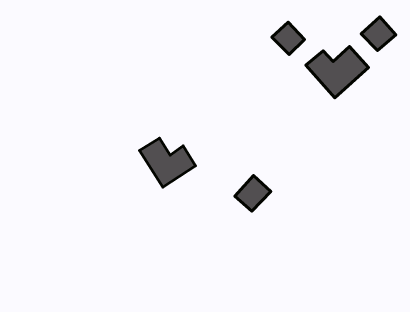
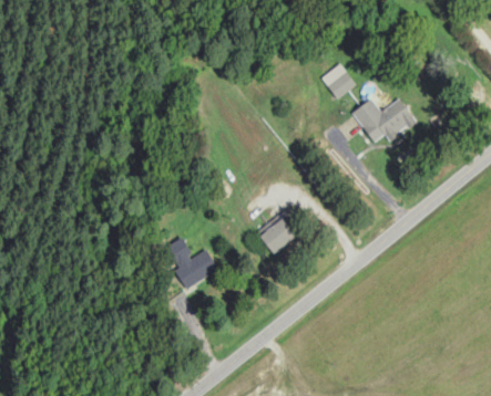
building: [361,17,396,51] -> none
building: [140,138,195,187] -> [161,238,216,289]

